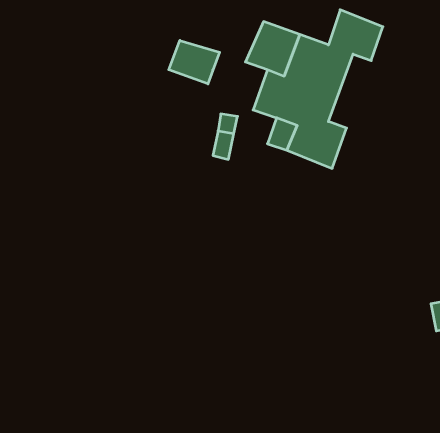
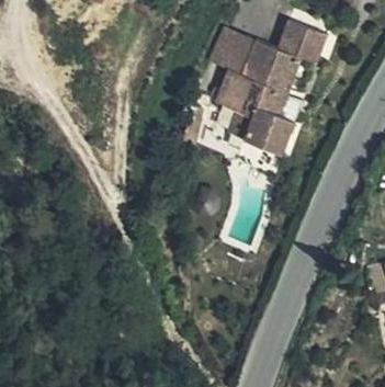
building: [169,40,220,84] -> none

